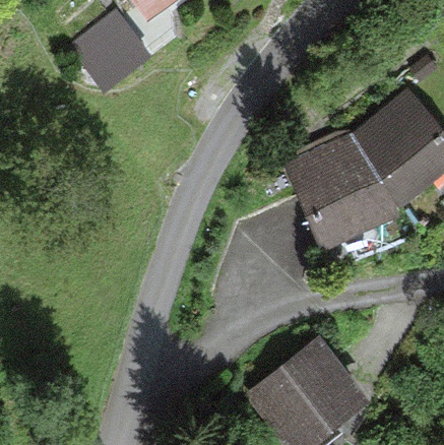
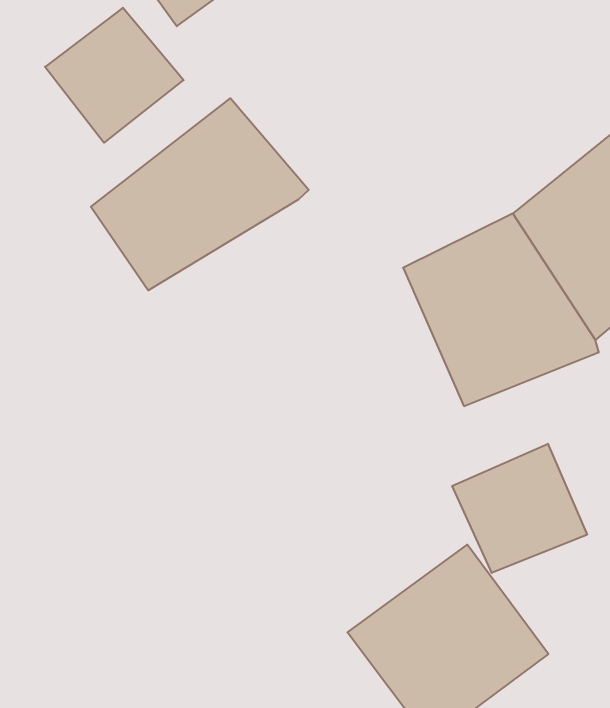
building: none -> [91,98,309,290]
building: none -> [452,444,587,573]

